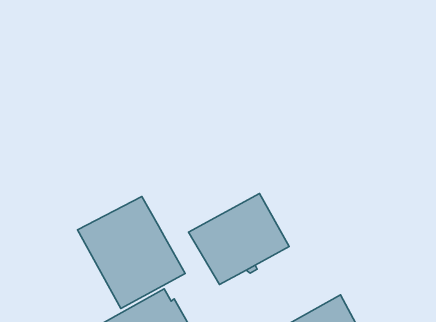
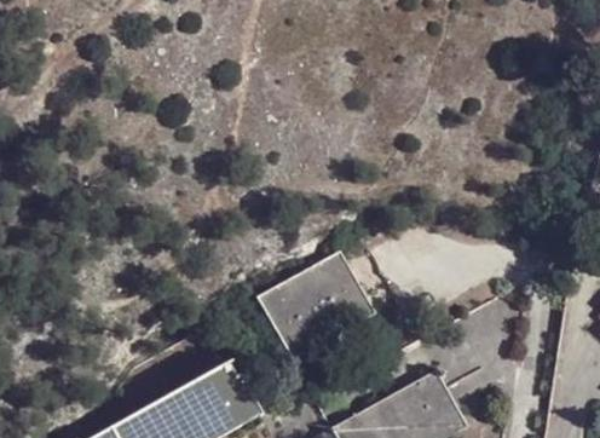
building: [78,196,185,309] -> none

